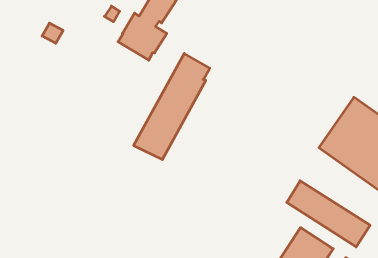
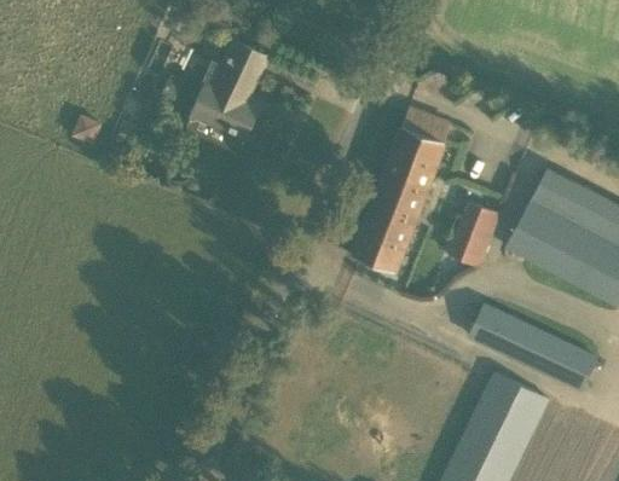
building: [134,53,210,160] -> [353,108,452,271]
building: none -> [450,201,502,267]

